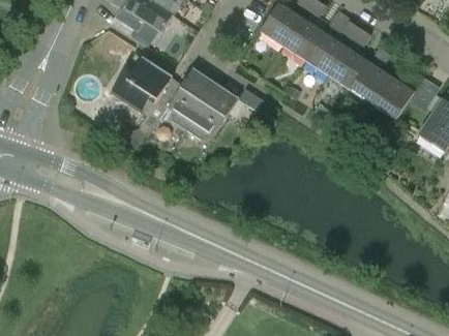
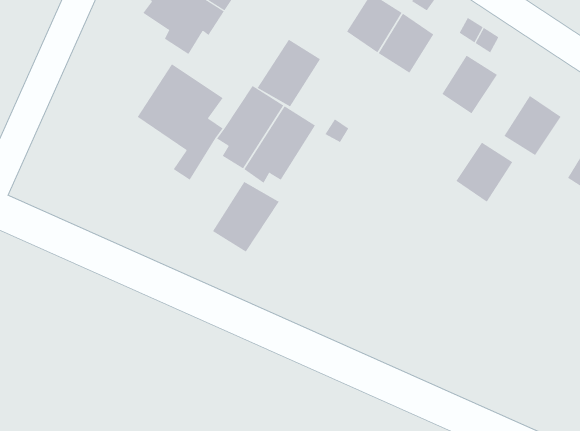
building: [306,32,347,74] -> none
building: none -> [257,39,321,107]
building: [351,61,392,104] -> [456,142,513,203]
building: none -> [212,181,279,253]

